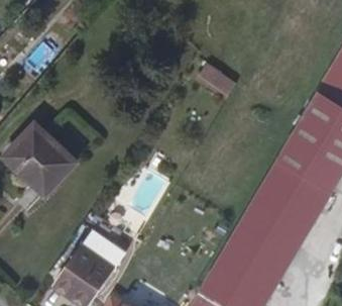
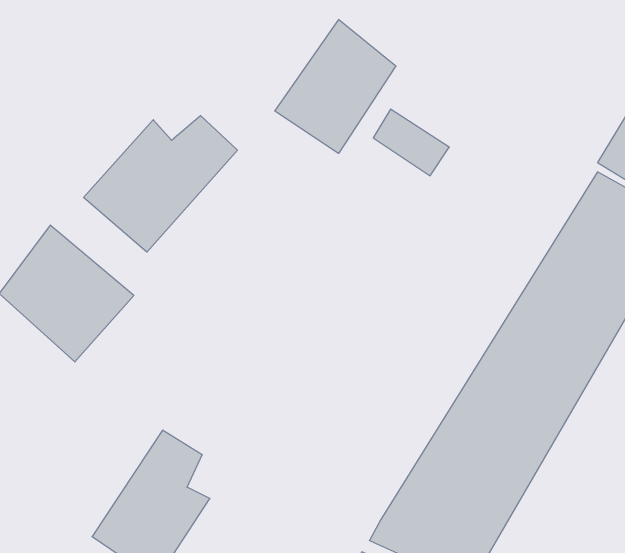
building: none -> [275,19,396,153]
building: none -> [84,116,237,252]

